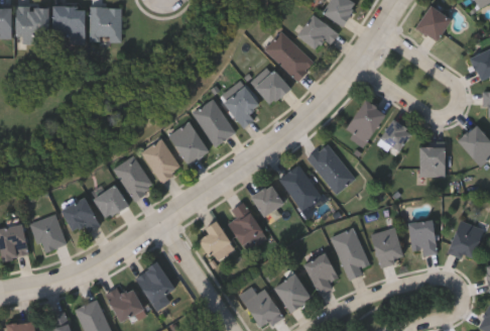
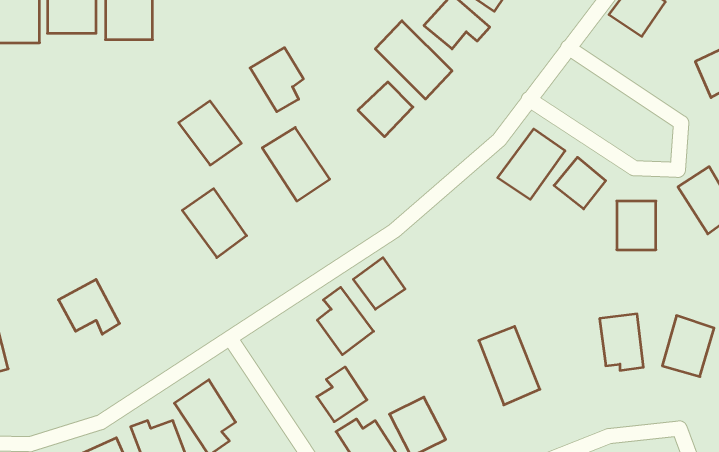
building: [223,86,257,127] -> [250,48,303,112]
building: [167,122,208,163] -> [179,101,241,165]
building: [309,142,355,195] -> none
building: [113,155,154,200] -> none
building: [279,163,322,212] -> none
building: [93,184,128,219] -> none
building: [30,214,67,253] -> none
building: [198,220,230,255] -> [317,367,367,422]
building: [370,227,403,265] -> none
building: [302,251,338,295] -> none

